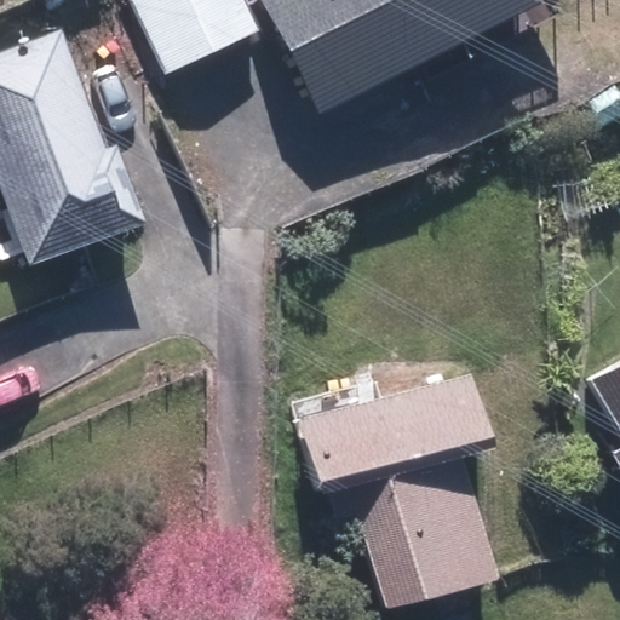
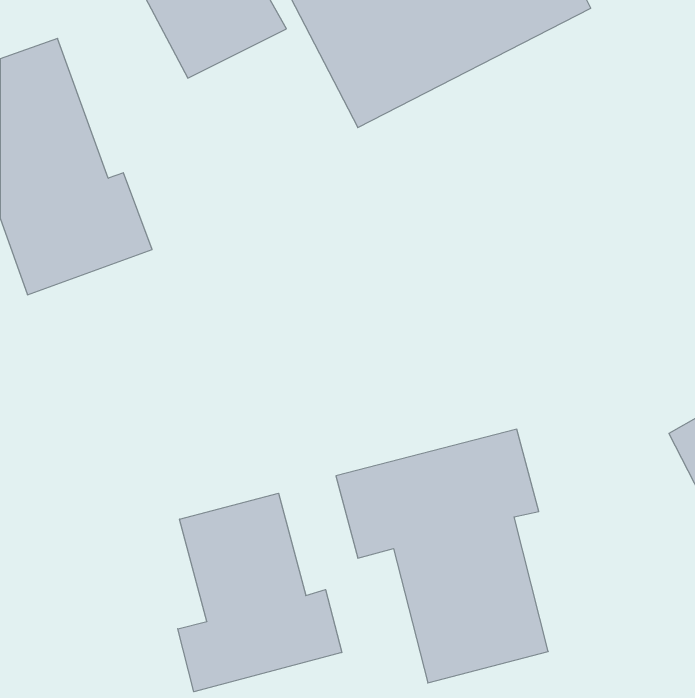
building: none -> [178,493,342,692]

